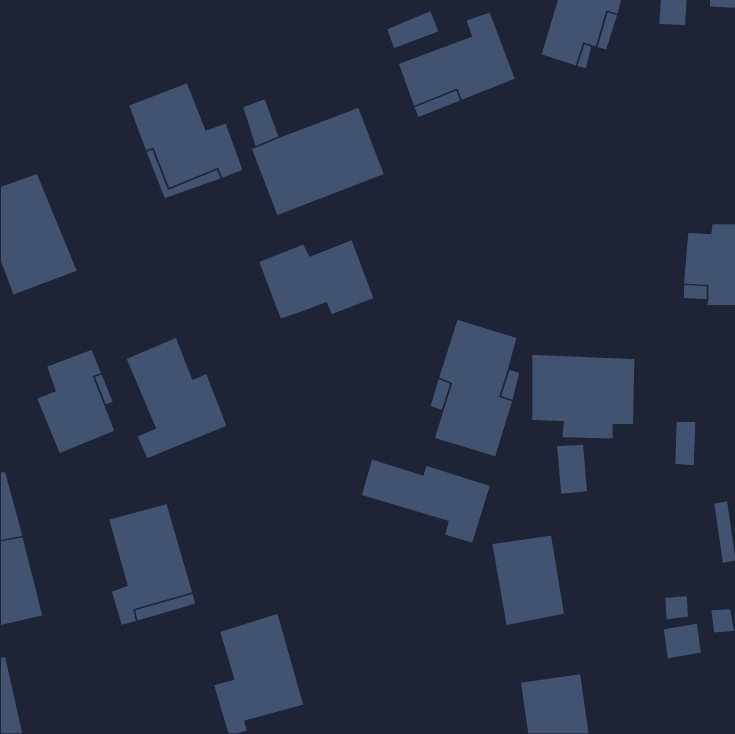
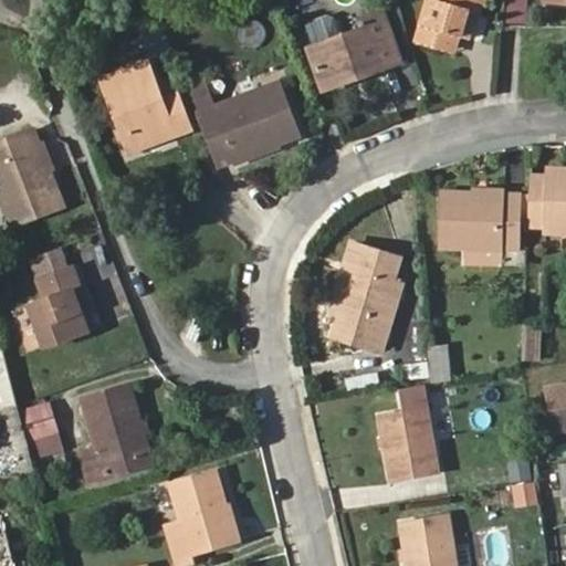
building: [258,239,375,319] -> none
building: [126,337,228,459] -> none
building: [531,354,635,439] -> [440,197,520,262]
building: [361,458,491,544] -> none
building: none -> [20,397,65,455]

